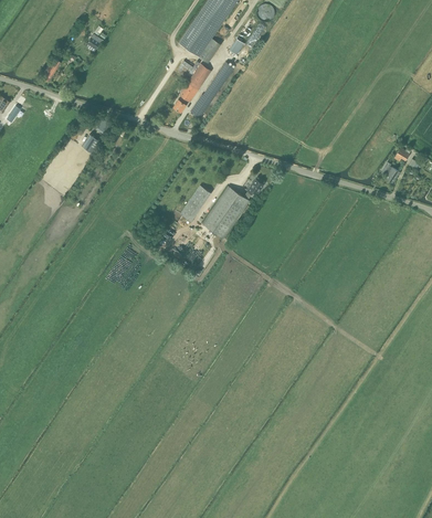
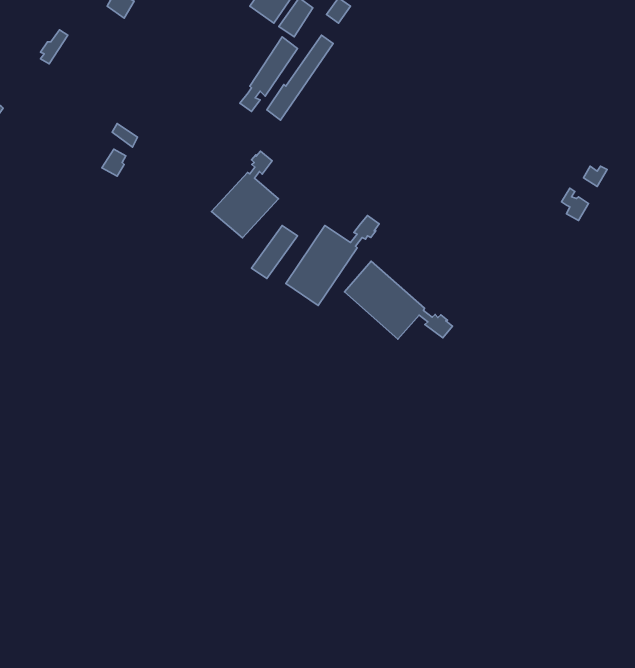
building: none -> [211,151,279,238]
building: none -> [344,261,453,339]

